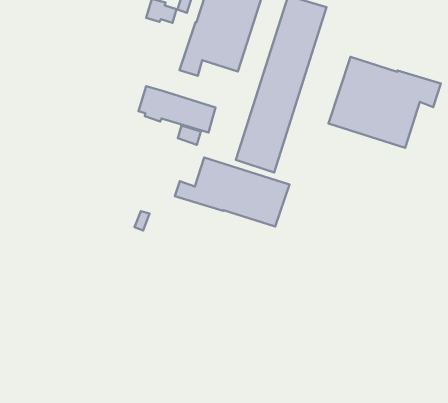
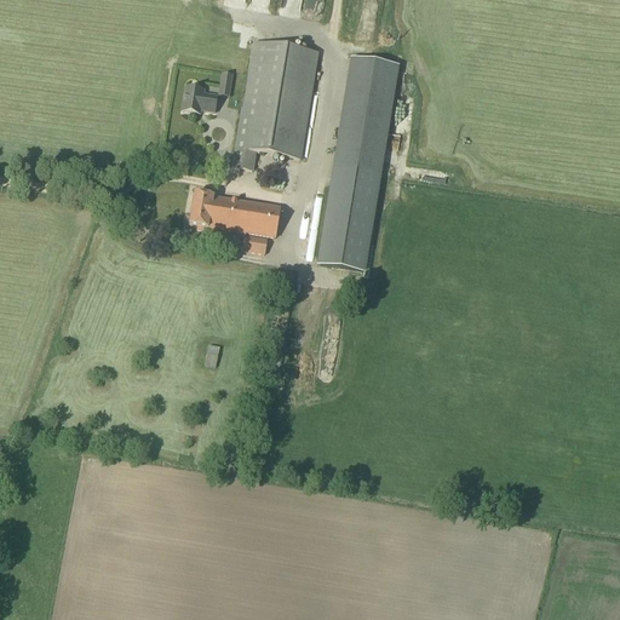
building: [328,57,441,148] -> none
building: [175,158,290,227] -> none

